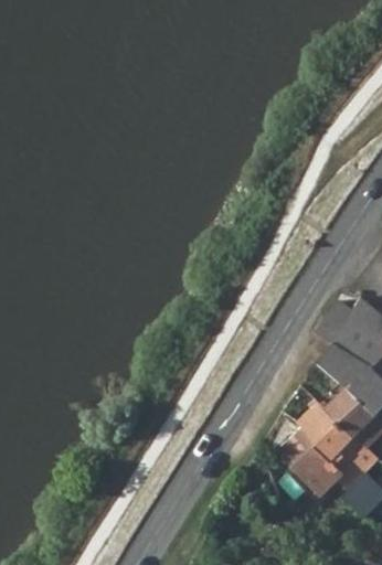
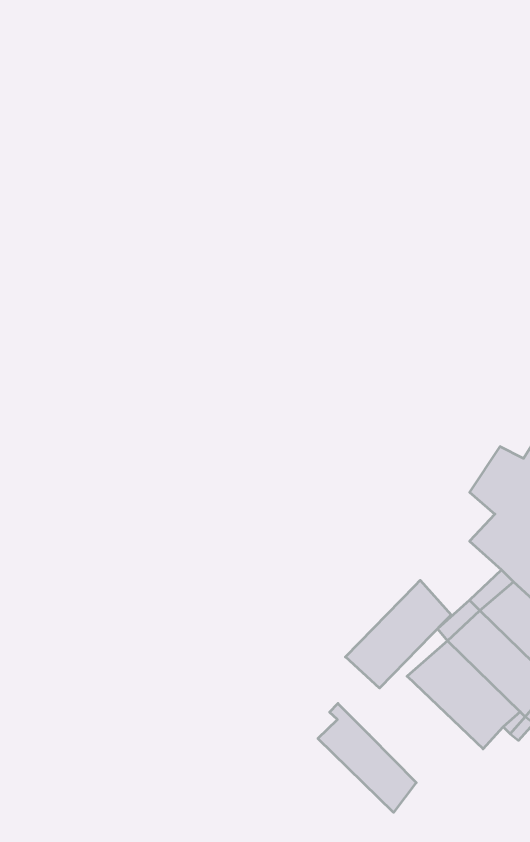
building: none -> [345,580,451,688]
building: none -> [318,703,416,812]

